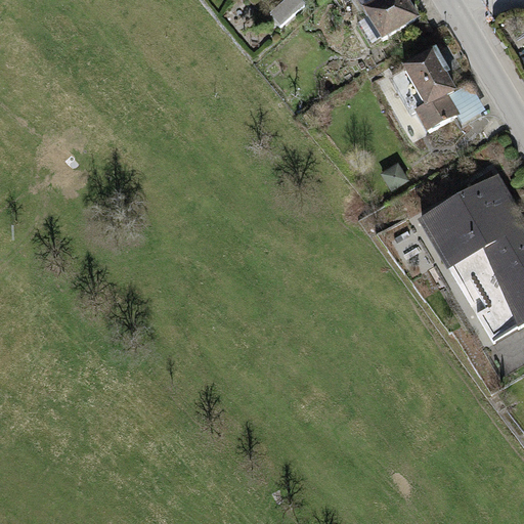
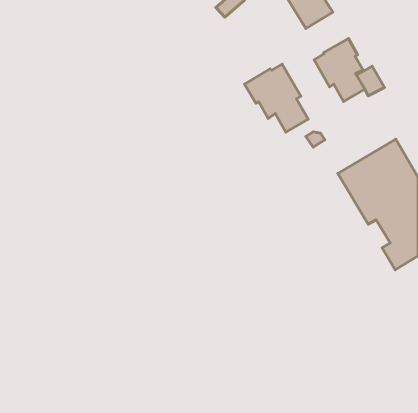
building: none -> [244,64,308,132]

